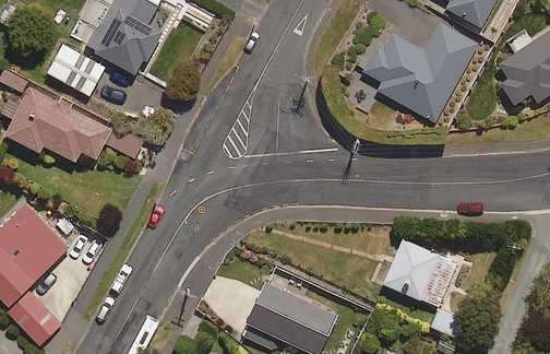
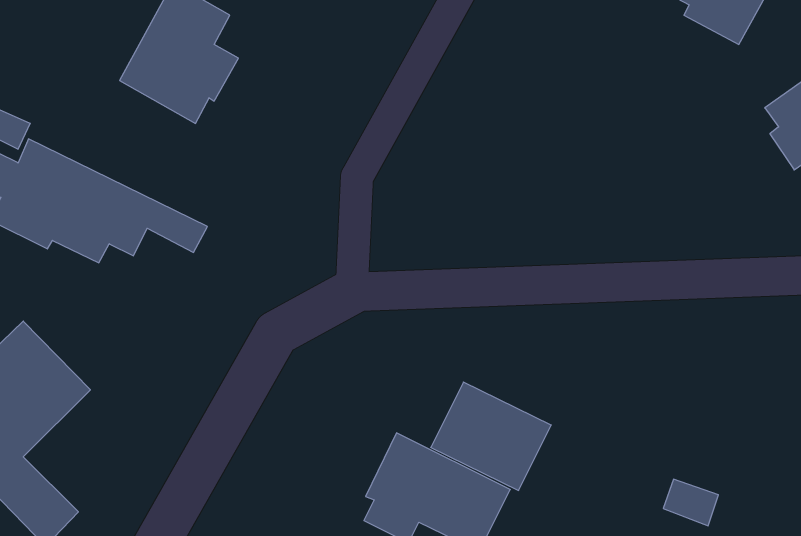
building: [366,27,478,127] -> none
building: [47,47,107,102] -> none
building: [381,236,457,305] -> [431,382,551,490]

